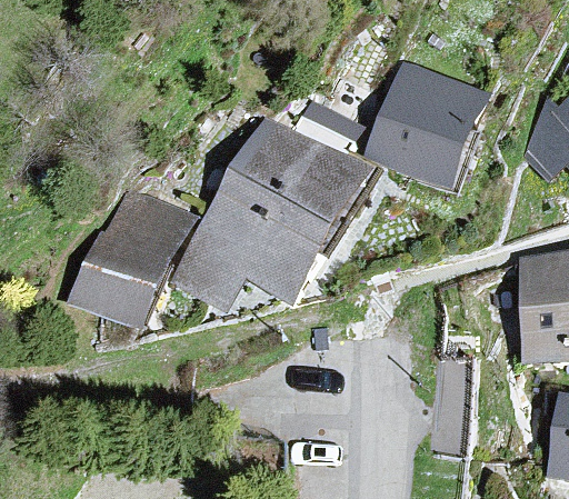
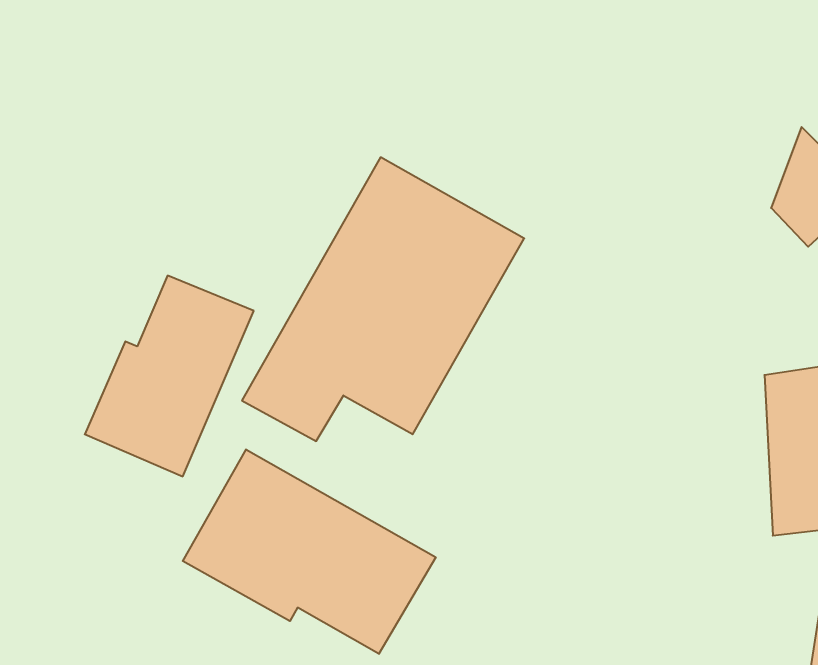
building: [371,66,482,184] -> none
building: none -> [183,449,436,654]

